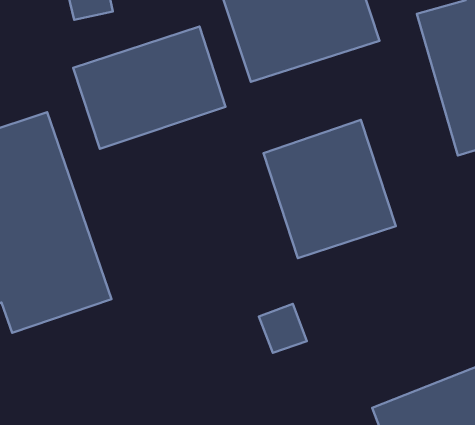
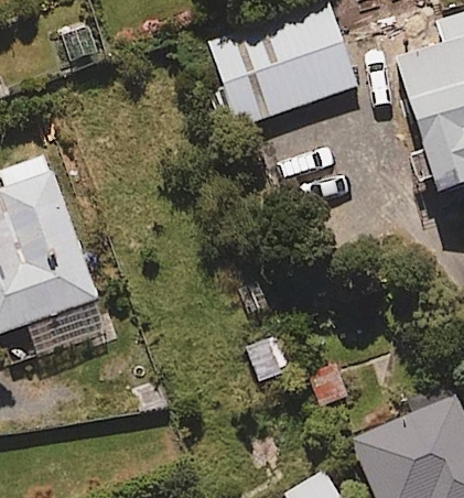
building: [73,27,226,149] -> none
building: [264,120,396,258] -> none

